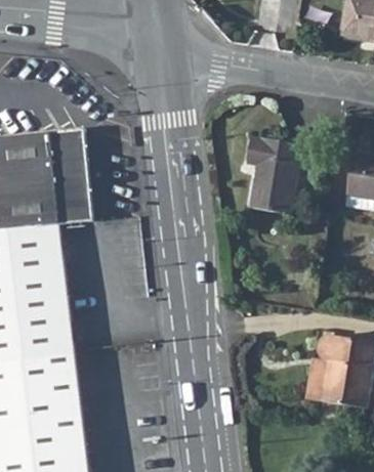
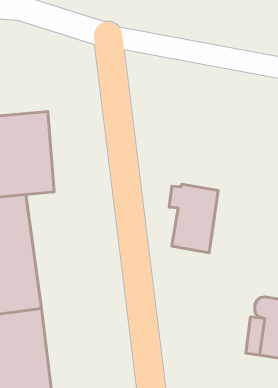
building: [245,139,300,216] -> [169,184,218,253]

